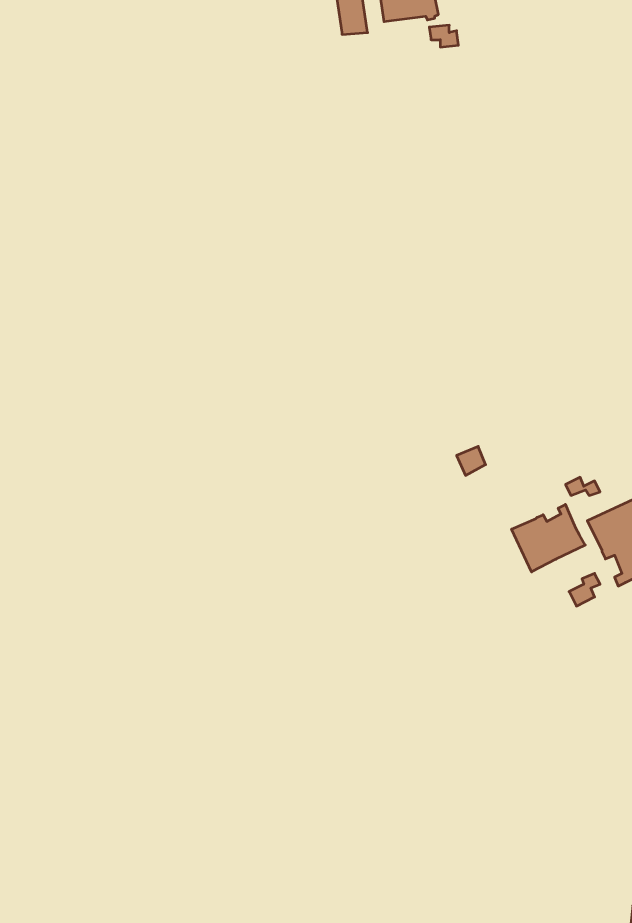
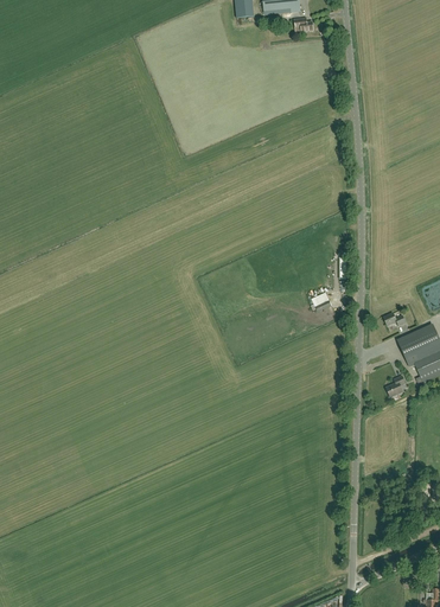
building: [512,504,585,572] -> none

